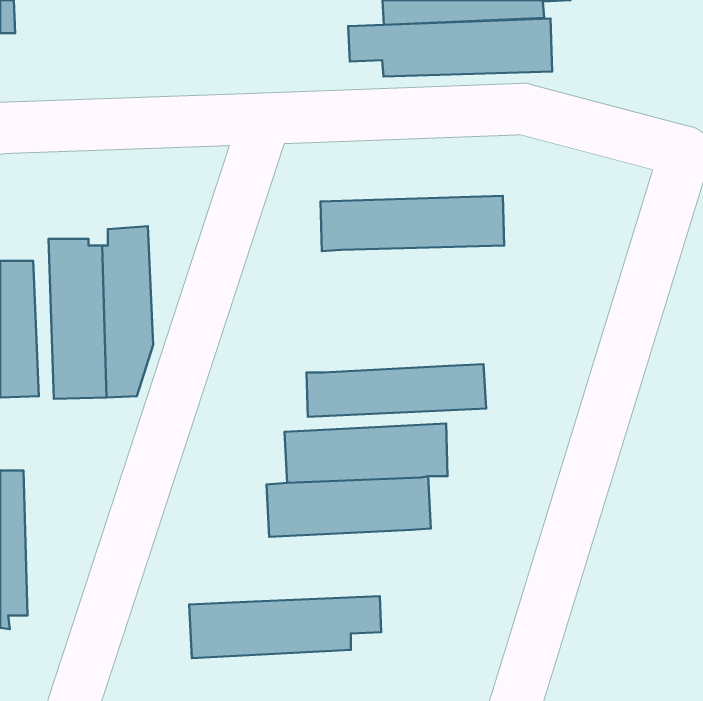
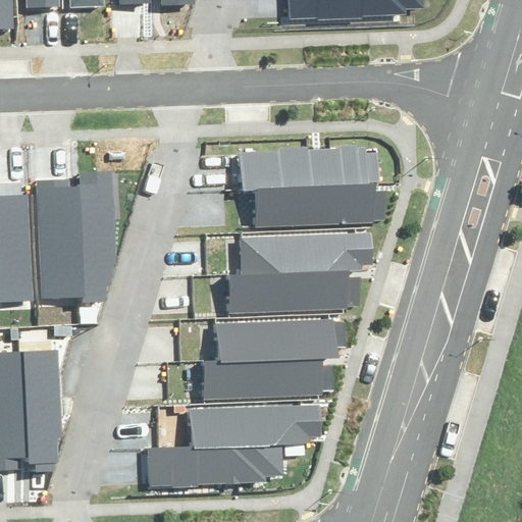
building: [348,19,552,76] -> none
building: none -> [254,185,383,224]
building: none -> [239,230,374,278]
building: none -> [19,351,58,468]
building: none -> [188,401,323,448]

